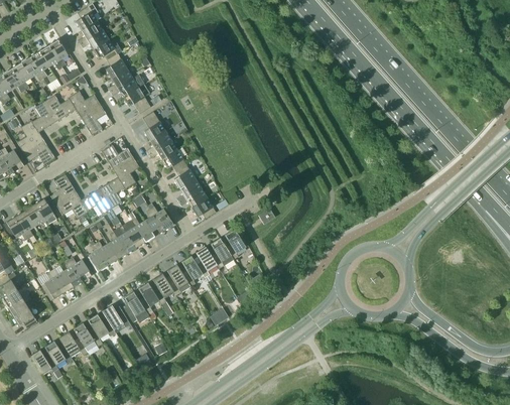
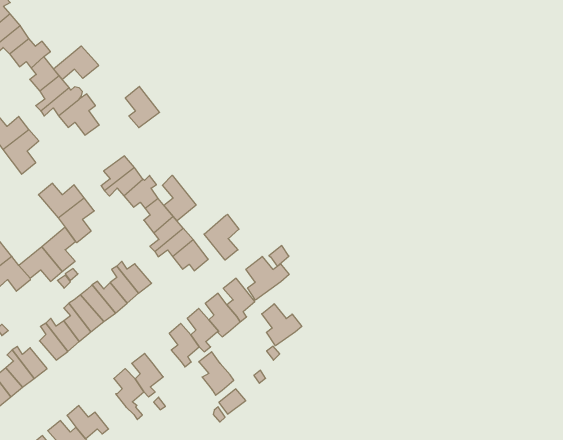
building: none -> [54,46,98,80]
building: [142,111,165,140] -> [125,86,160,128]
building: none -> [162,175,196,221]
building: none -> [204,214,239,260]
building: none -> [246,256,289,300]
building: none -> [262,304,302,346]
building: [166,264,189,295] -> [199,352,234,395]
building: [123,291,149,322] -> none

